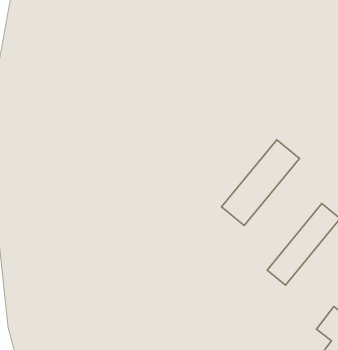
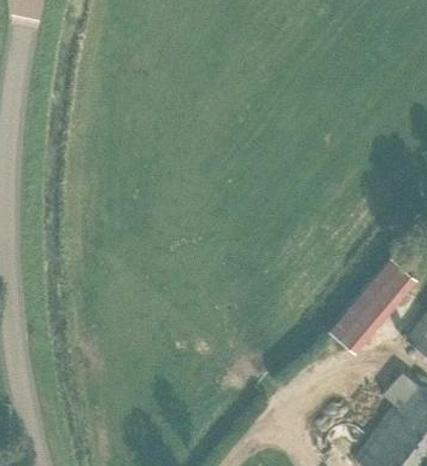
building: [222,140,299,225] -> none

